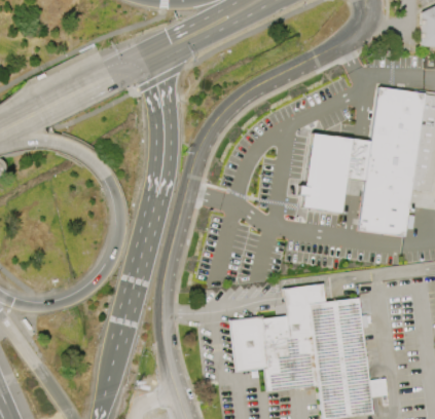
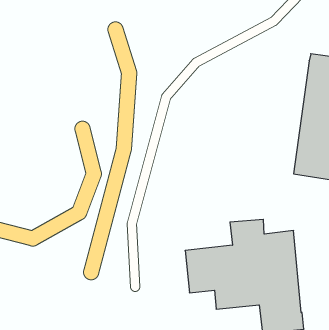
building: [298,132,372,212] -> none

